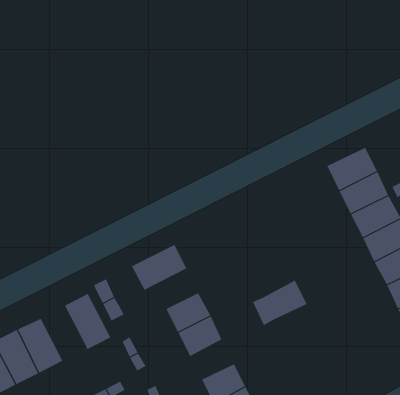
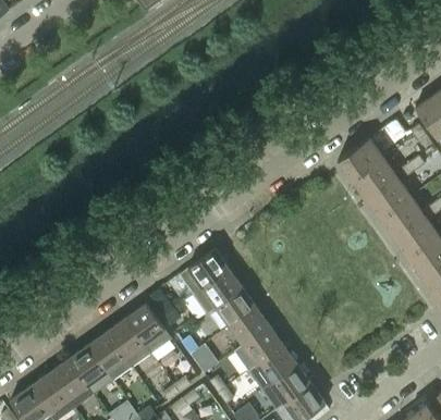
building: none -> [195,269,243,314]
building: [252,280,308,326] -> [235,326,284,371]
building: none -> [108,318,152,367]

